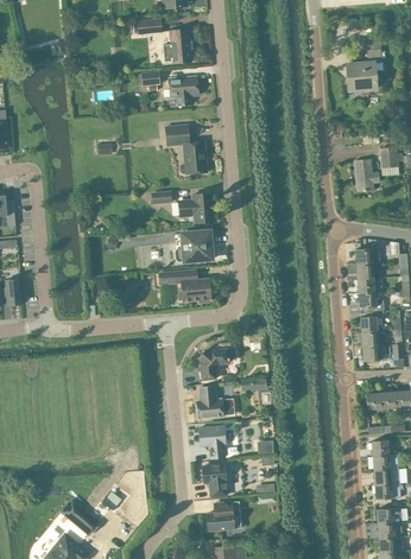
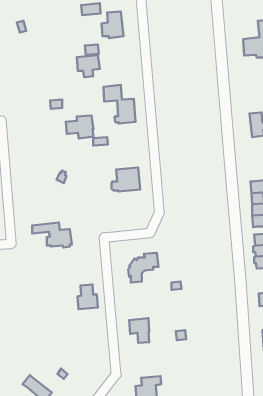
building: [169,76,198,104] -> [77,55,100,77]
building: [178,192,214,222] -> [66,115,93,138]
building: [159,269,210,301] -> [32,223,72,247]
building: [196,386,222,418] -> [78,284,98,309]
building: [202,463,229,496] -> none

